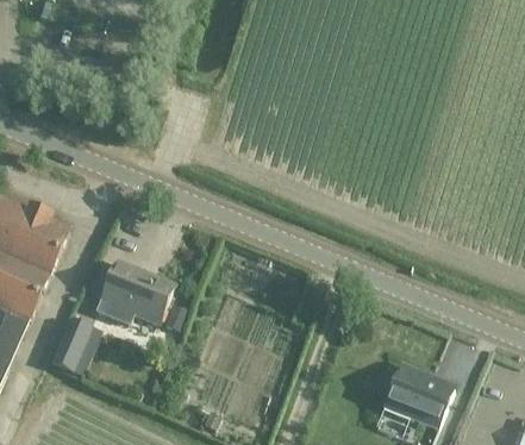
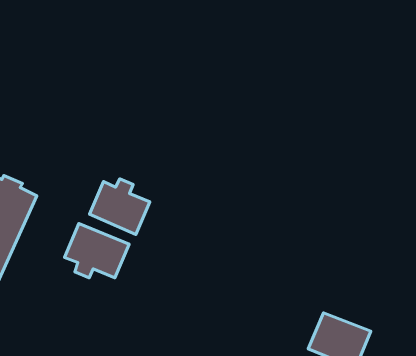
building: none -> [90,179,150,235]
building: [51,315,104,375] -> none

